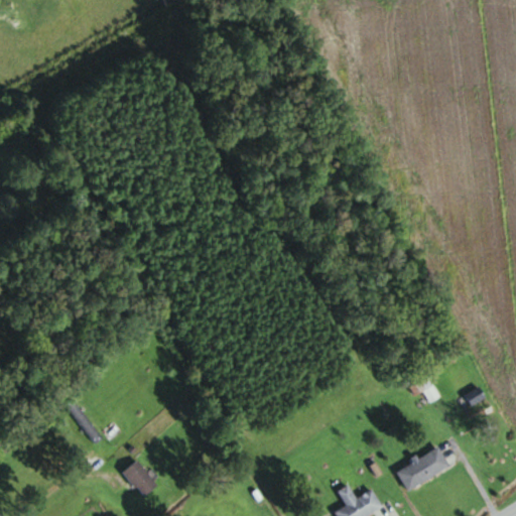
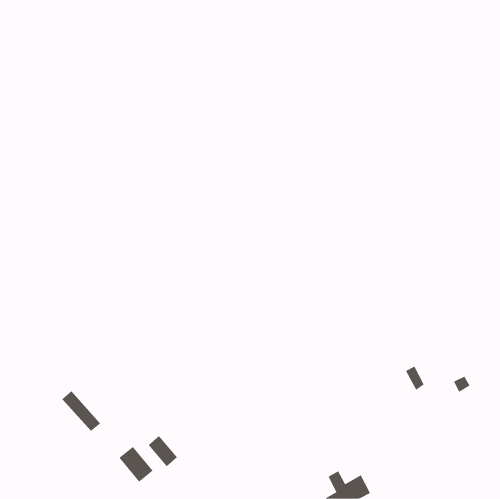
building: [396,446,449,492] -> none
building: none -> [148,435,178,467]

